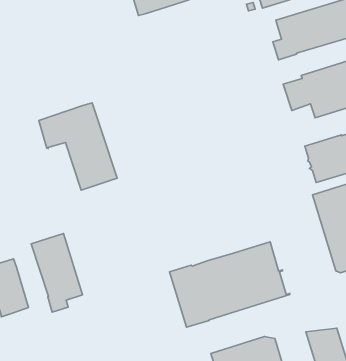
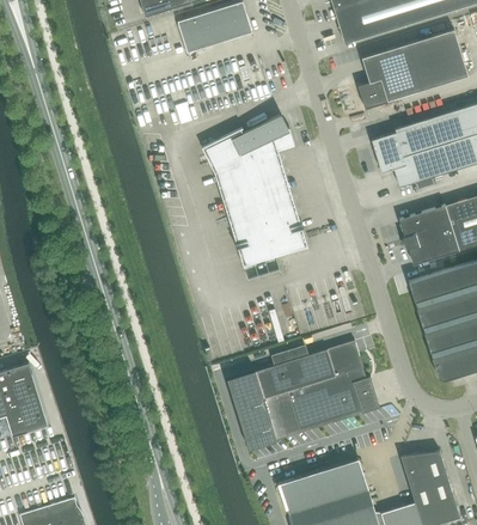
building: none -> [202,116,308,268]
building: [39,103,117,190] -> none
building: [31,234,82,312] -> none

